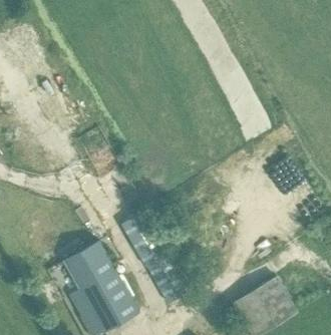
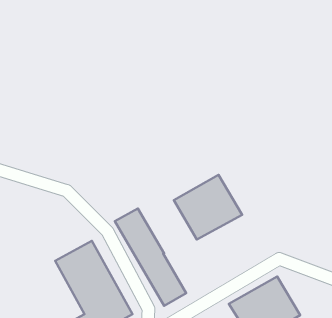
building: none -> [174,175,242,240]

